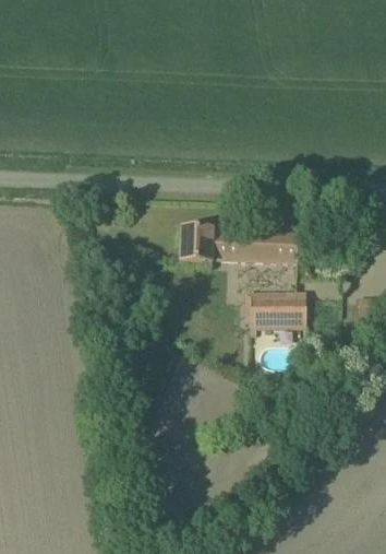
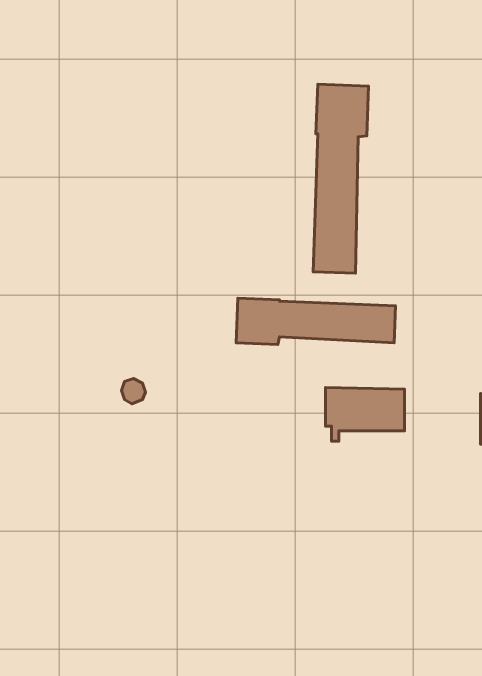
building: none -> [313,84,369,273]

